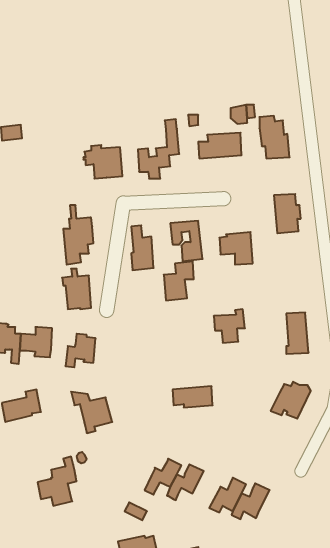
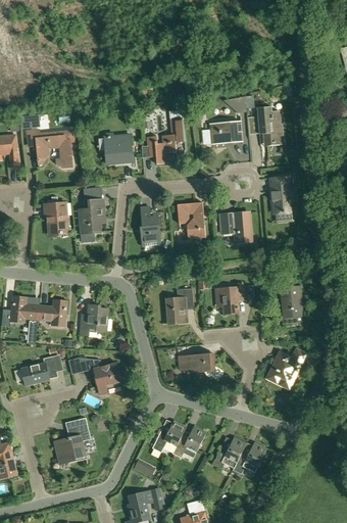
building: none -> [26,130,73,169]
building: [164,261,194,300] -> [165,288,193,324]
building: [62,269,91,309] -> [43,196,69,233]

